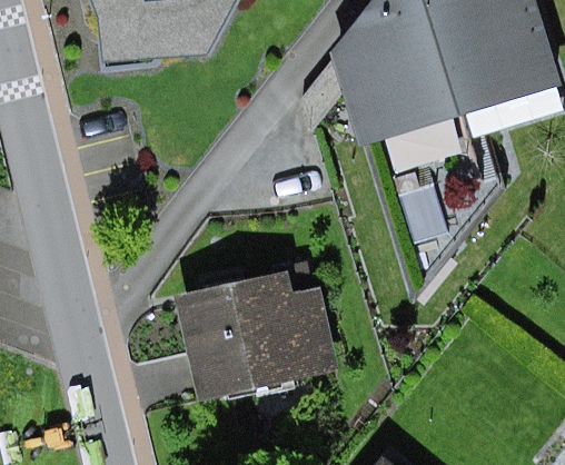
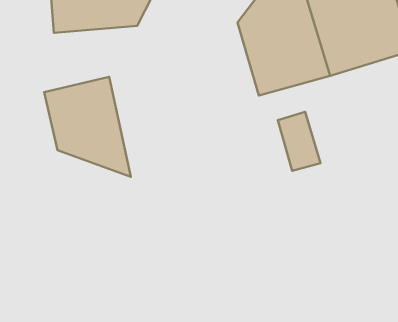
building: none -> [44,77,131,177]
building: [172,269,334,399] -> none

